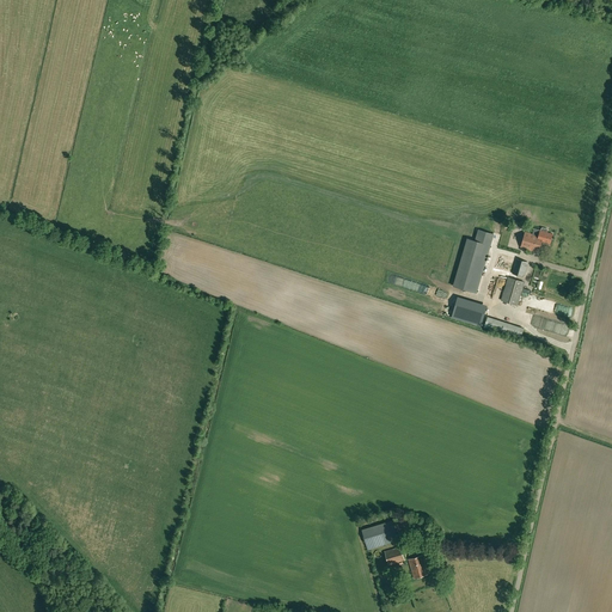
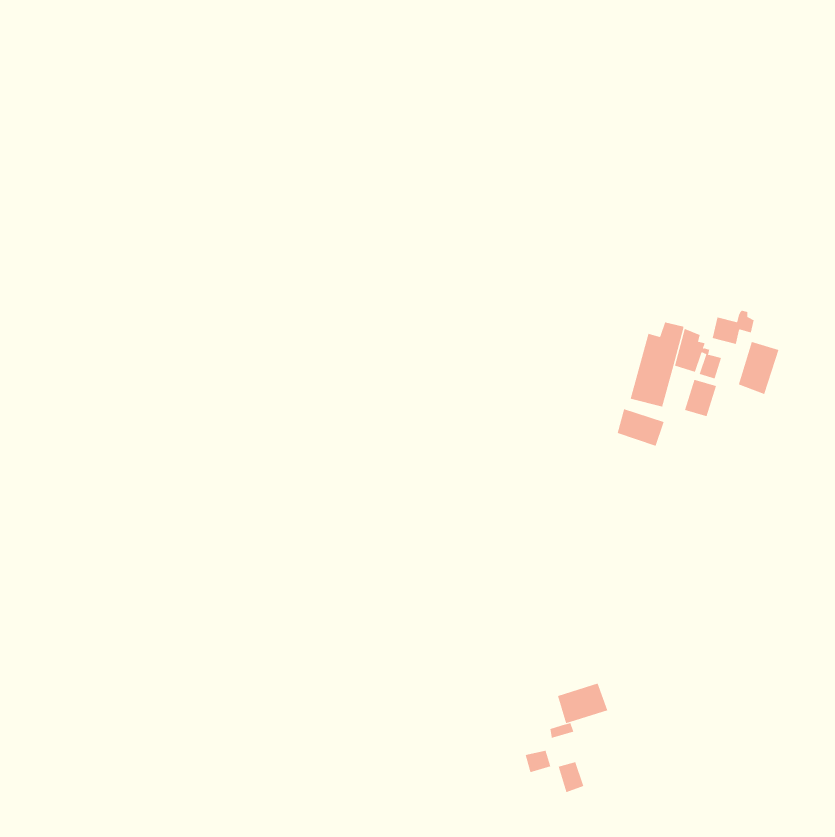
building: none -> [738,341,779,395]
building: [360,519,397,549] -> [557,683,608,724]

